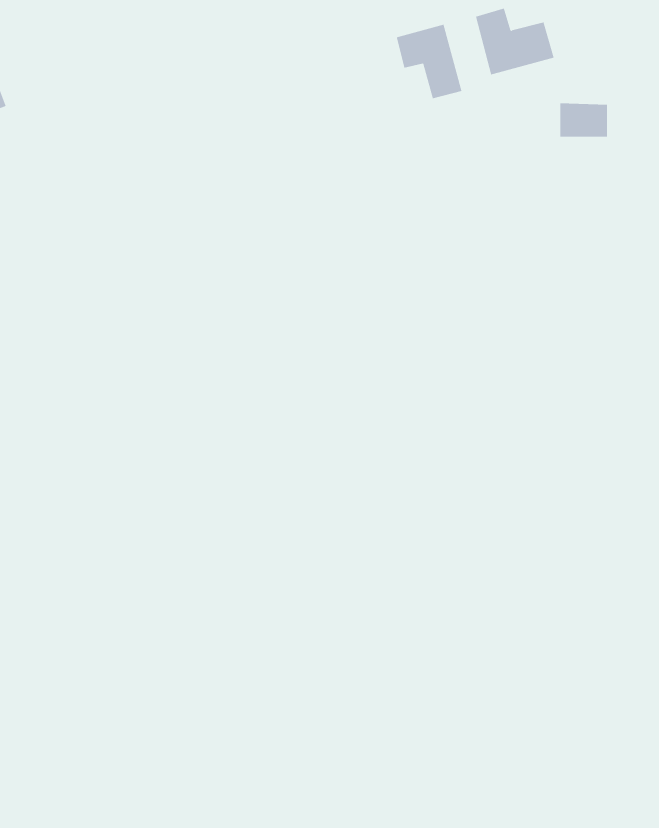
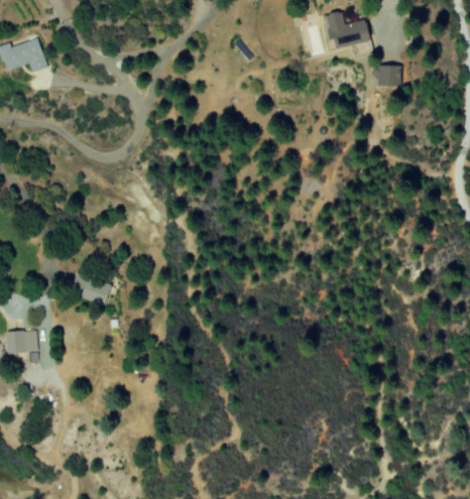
building: [396,24,462,99] -> none

